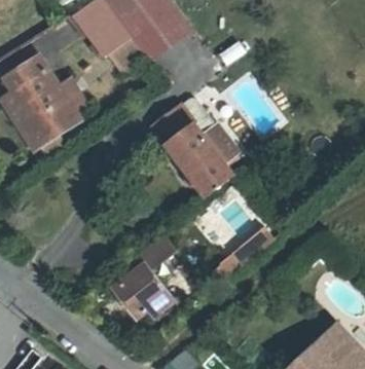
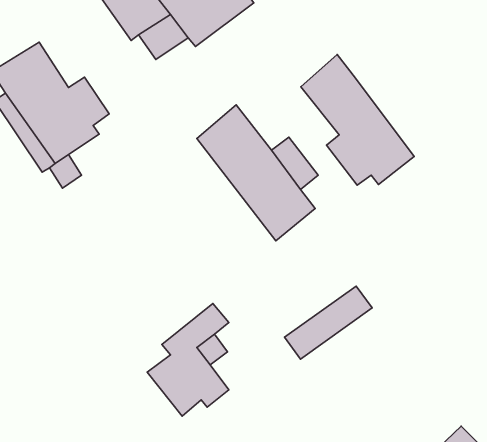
building: none -> [301,55,414,185]

